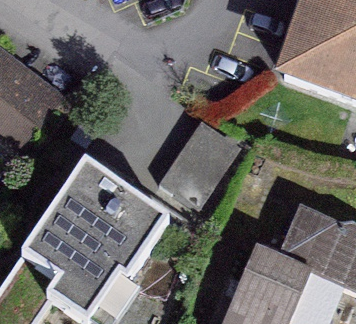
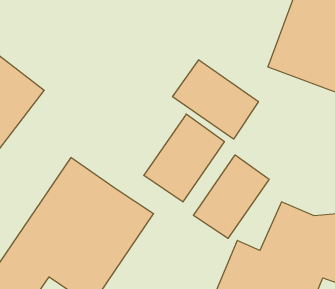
building: none -> [173,60,258,139]
building: none -> [193,155,269,238]

